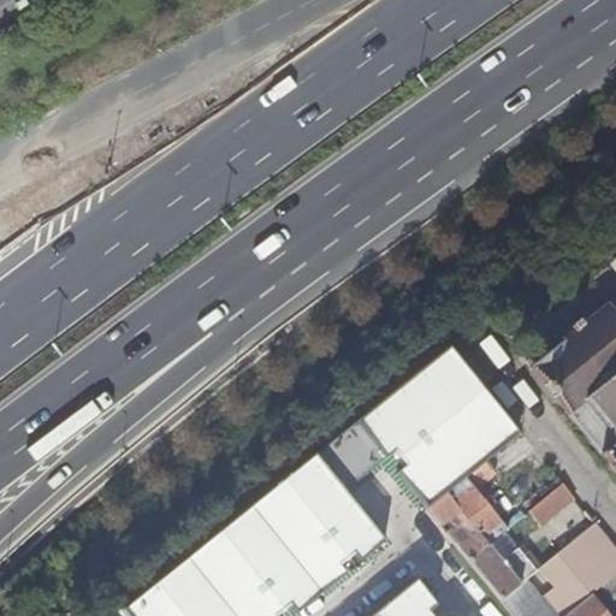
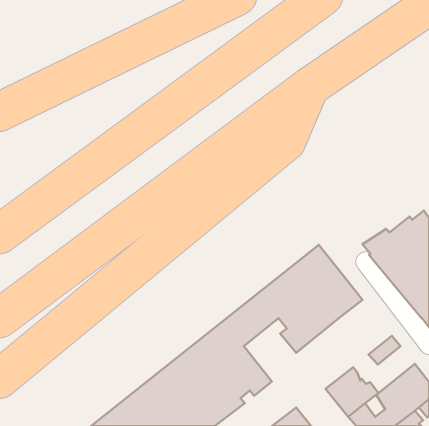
building: [424,455,505,556] -> none

